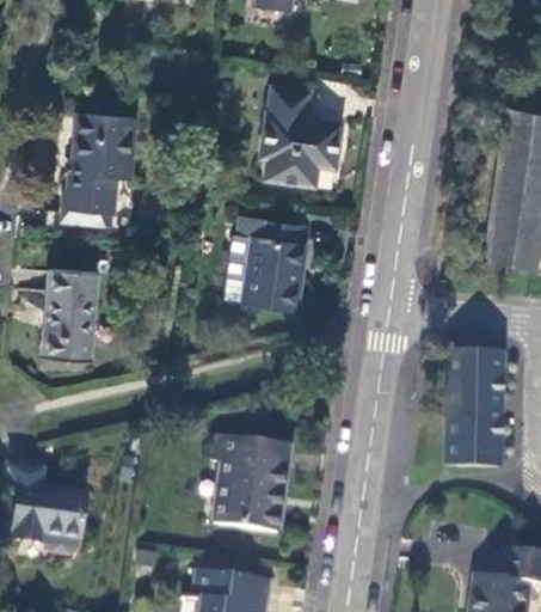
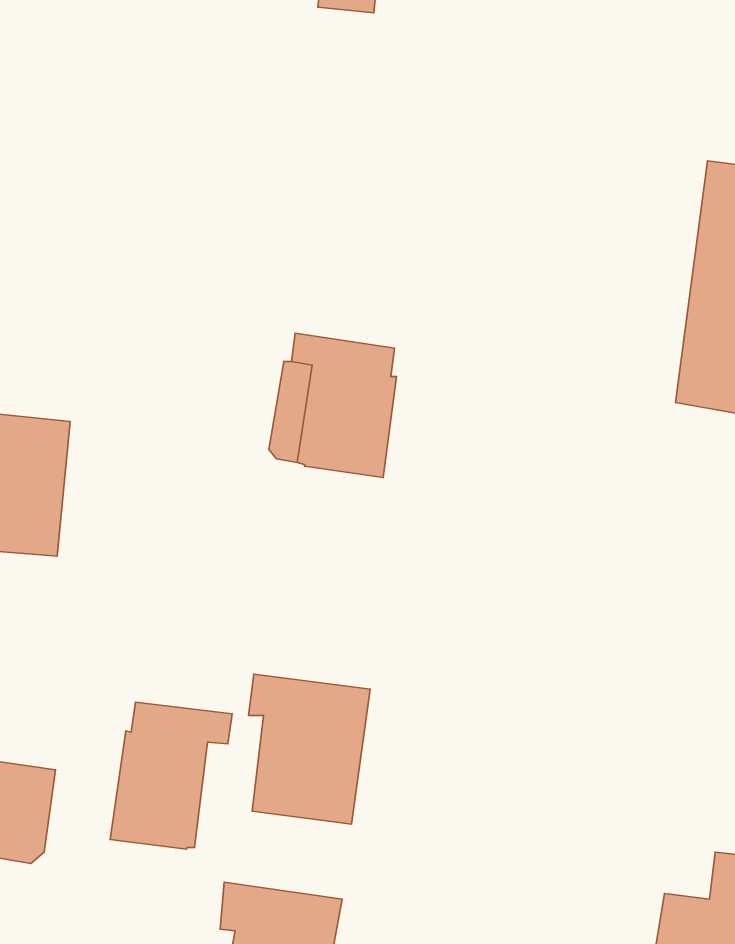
building: [262,87,340,185] -> none
building: [67,114,136,225] -> none
building: [444,350,502,465] -> none
building: none -> [110,702,232,849]

